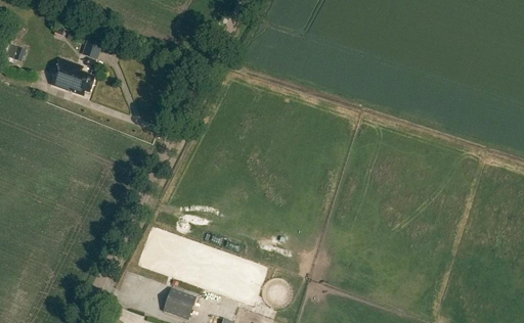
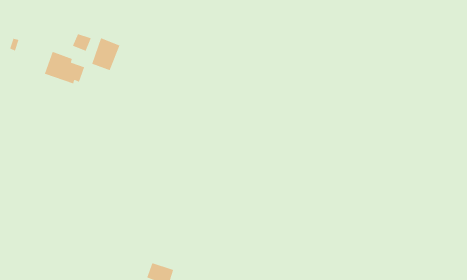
building: none -> [91,37,121,71]

